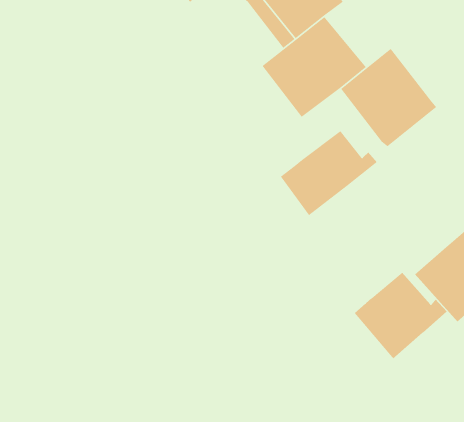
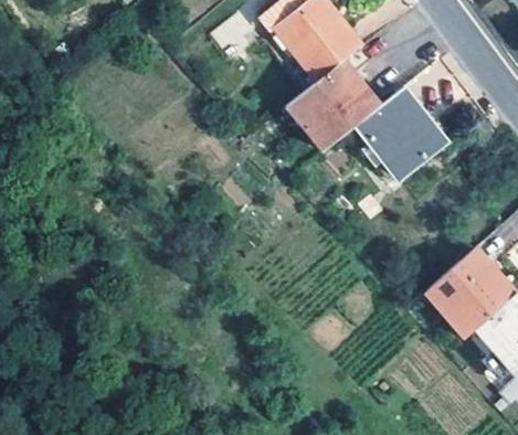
building: [280,130,378,216] -> none
building: [354,272,447,359] -> none

